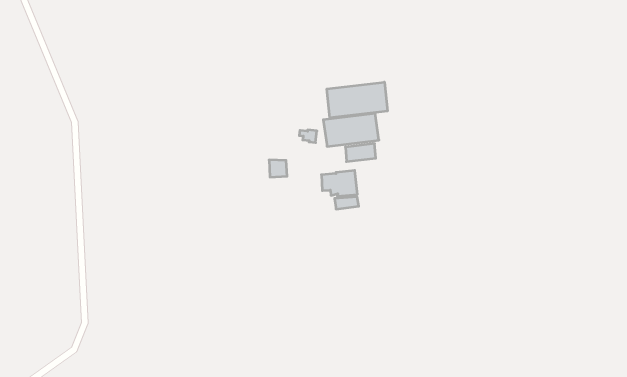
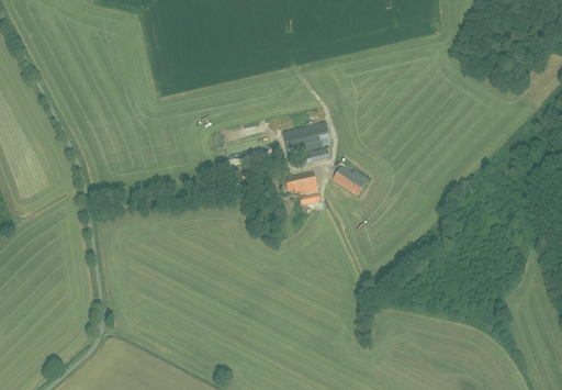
building: [327,82,387,118] -> none
building: none -> [331,166,369,196]

